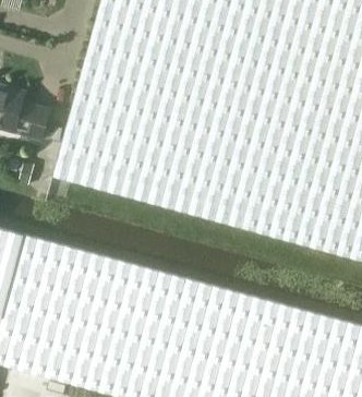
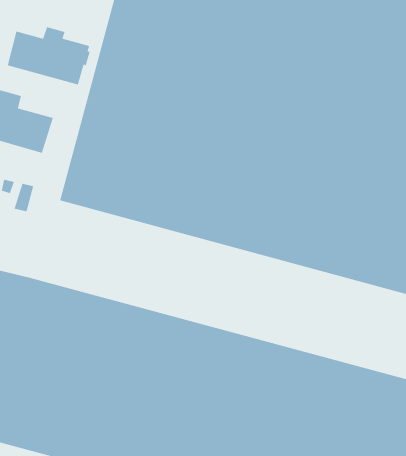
building: none -> [7,26,91,86]

